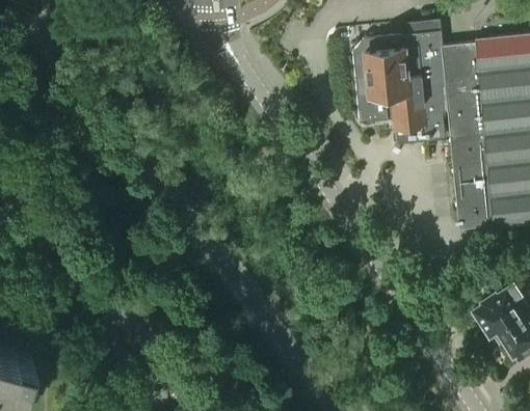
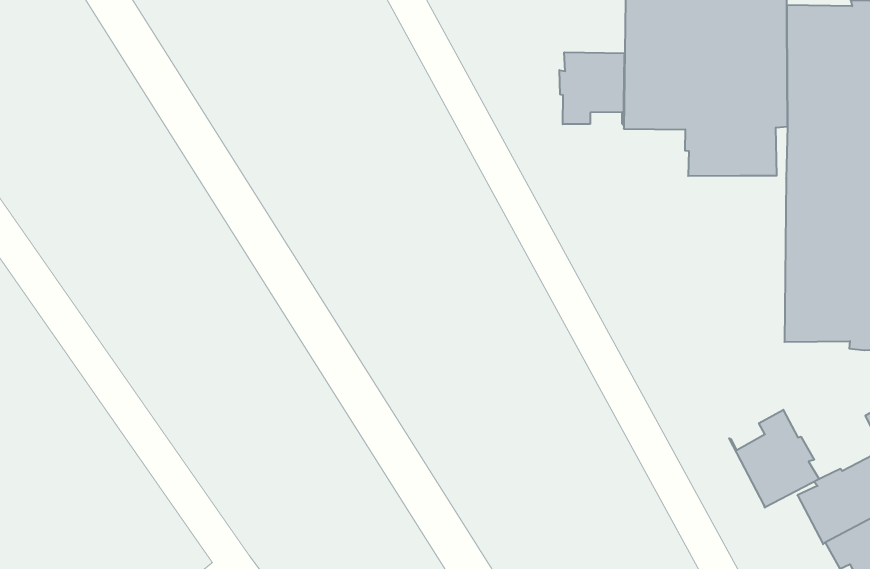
building: none -> [559,52,625,125]
building: none -> [729,410,819,508]

